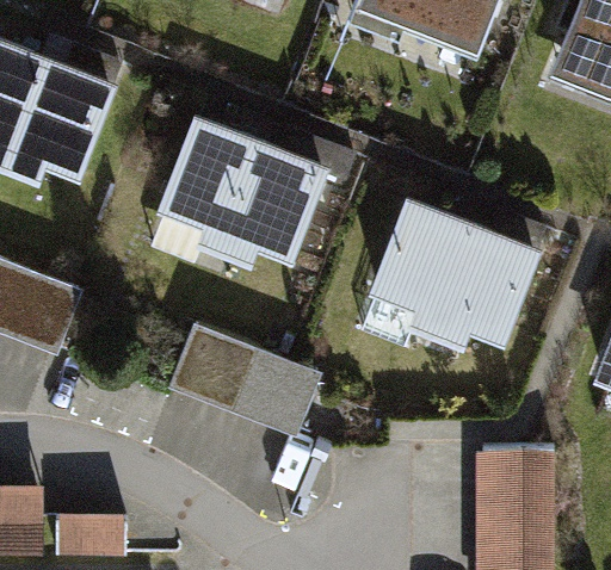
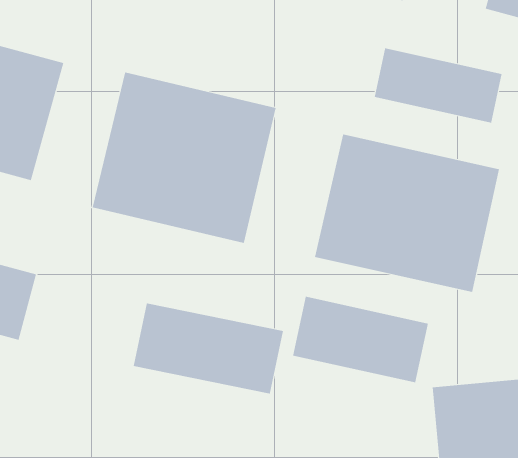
building: none -> [374,47,502,124]
building: none -> [293,296,428,383]

